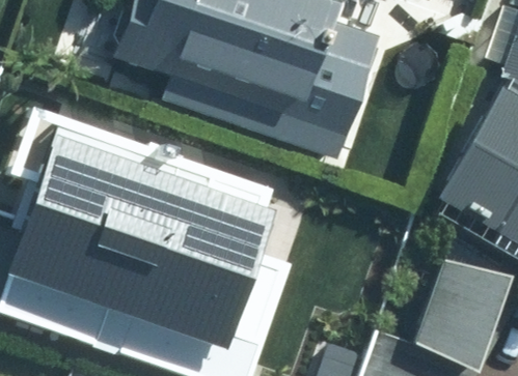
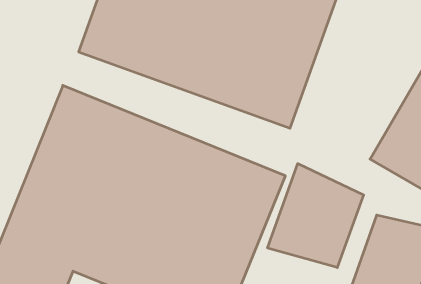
building: none -> [268,164,364,268]

